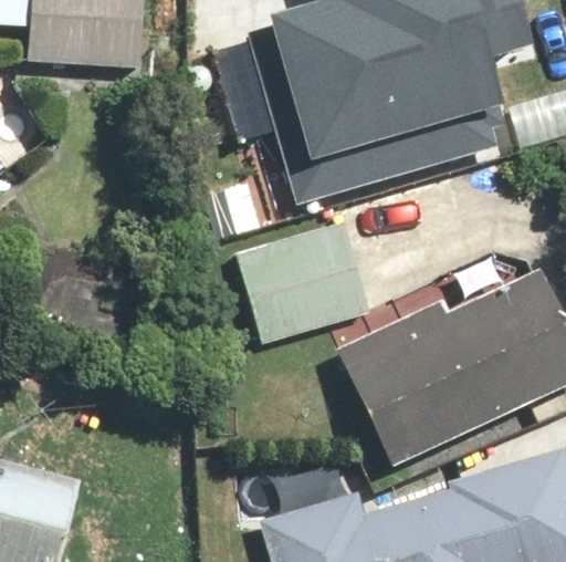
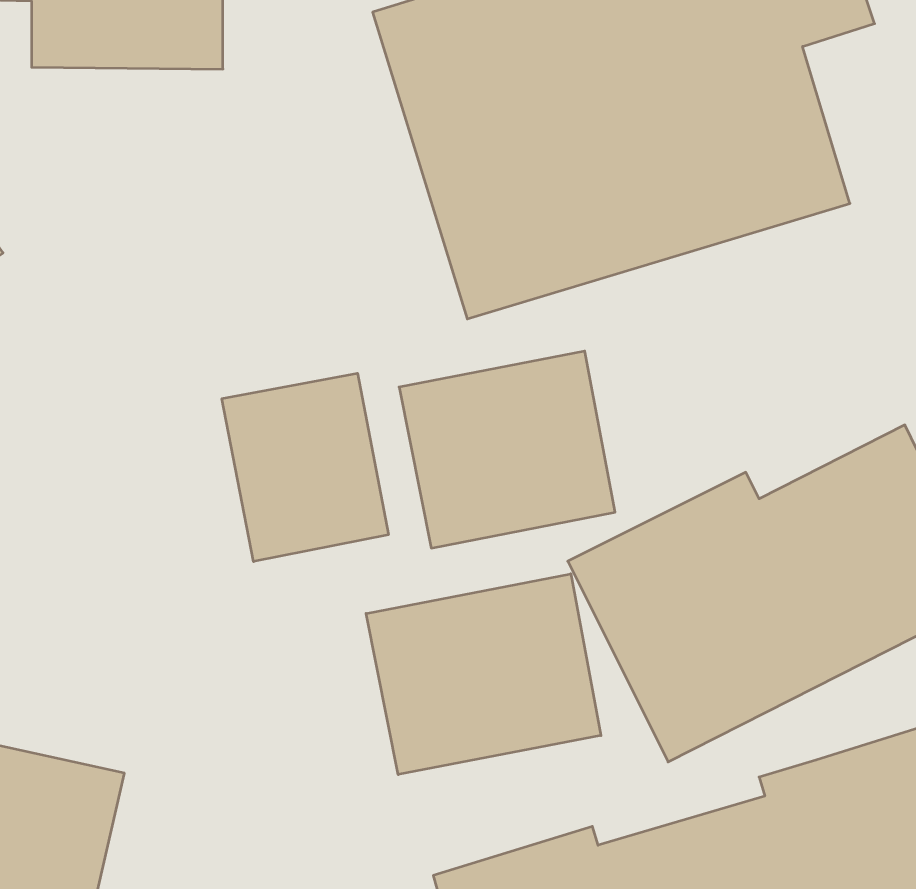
building: none -> [222,373,388,562]
building: none -> [366,574,601,775]

